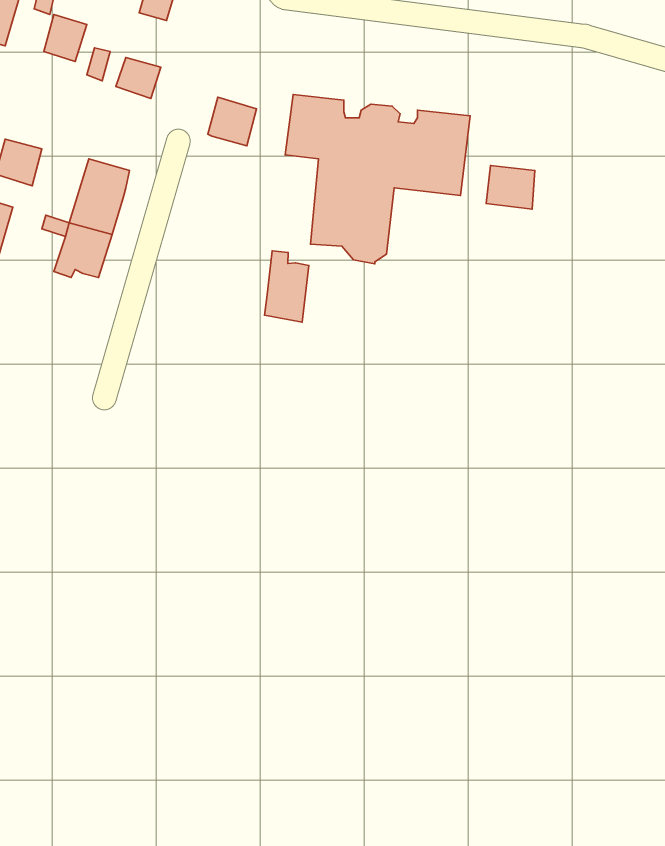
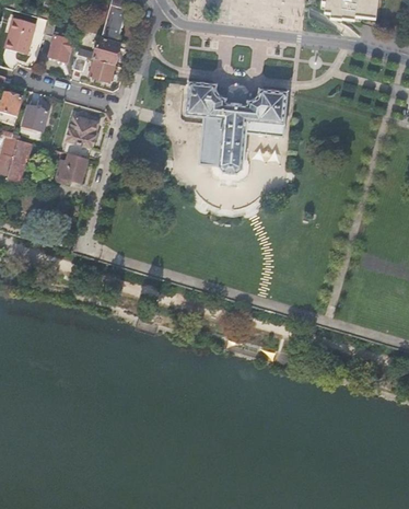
building: [208,97,257,146] -> [93,37,120,65]
building: [486,166,535,209] -> none
building: [264,251,309,322] -> none

